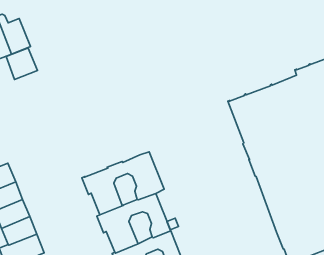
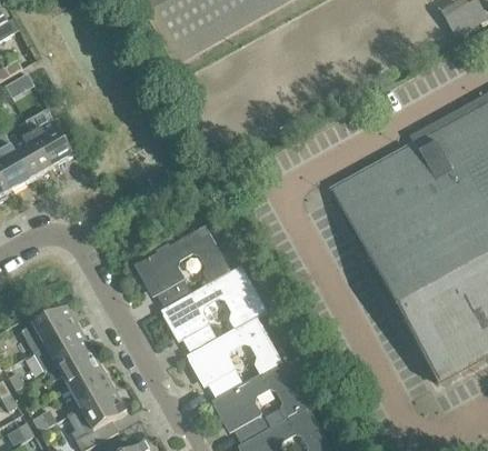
building: [6,48,38,80] -> none
building: none -> [136,224,230,308]

